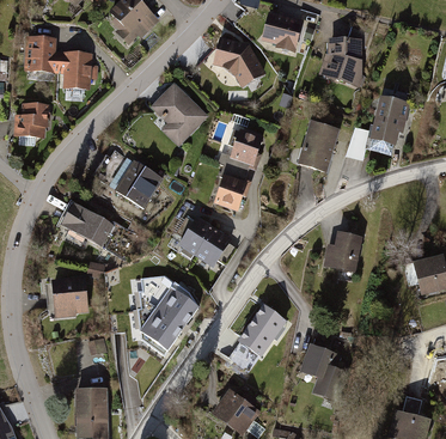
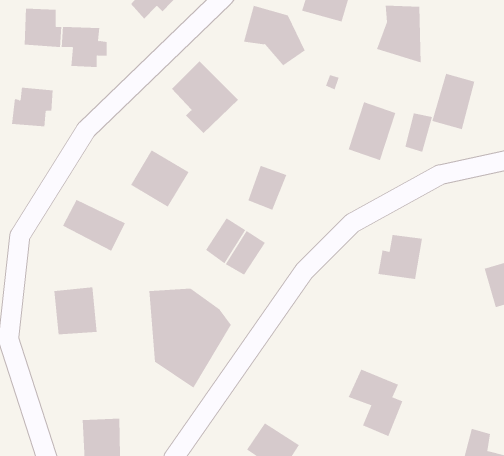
building: [228,128,262,163] -> none
building: [239,307,285,356] -> none

